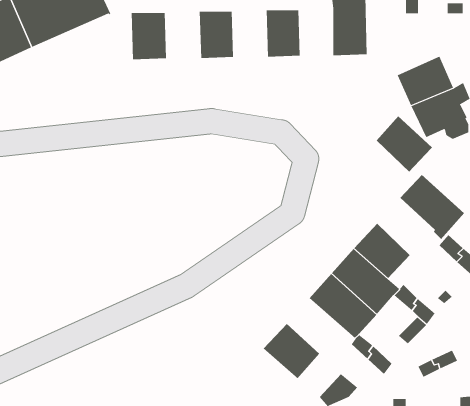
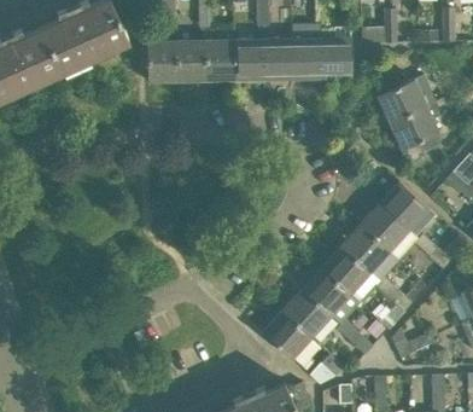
building: none -> [293,37,322,79]
building: none -> [235,39,265,80]
building: none -> [177,40,208,81]
building: [376,115,433,173] -> [361,202,410,251]
building: none -> [282,289,332,337]

